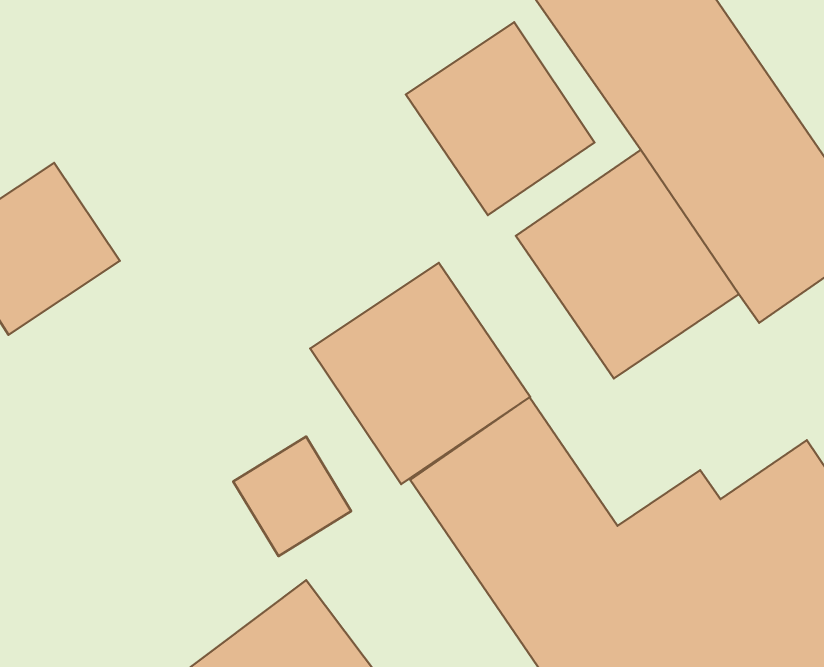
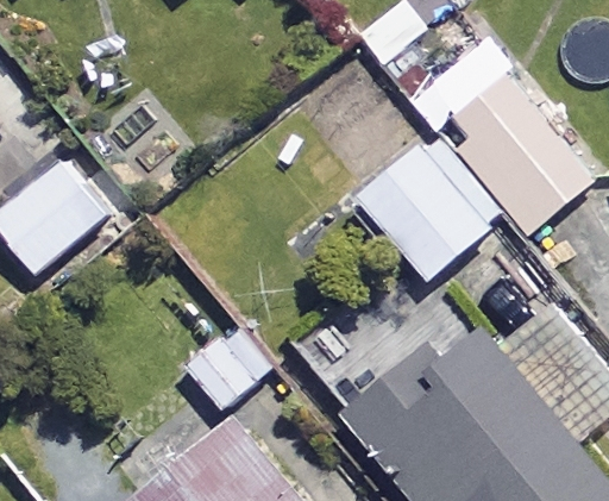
building: [406,22,595,215] -> none
building: [310,263,530,484] -> none

